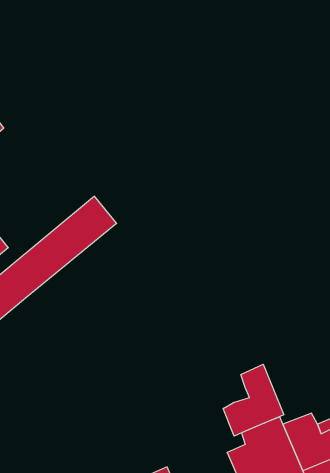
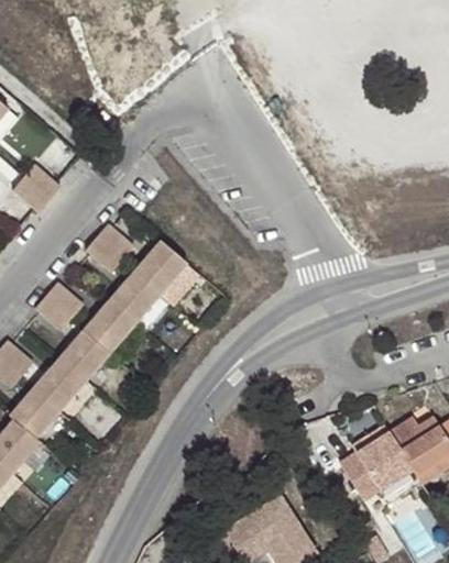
building: none -> [86,222,134,272]
building: [223,364,284,436] -> none

